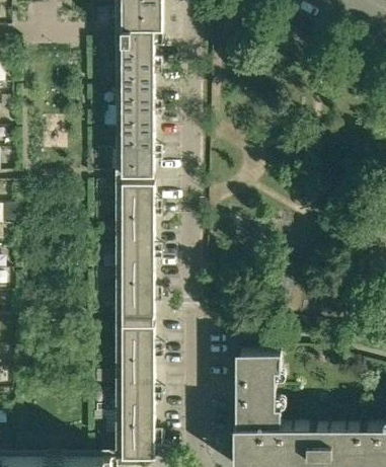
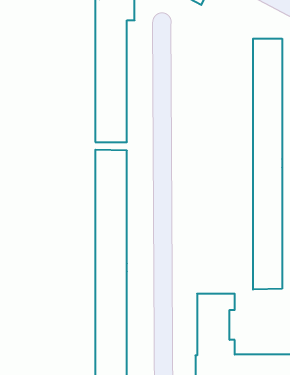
building: none -> [253,39,282,290]

